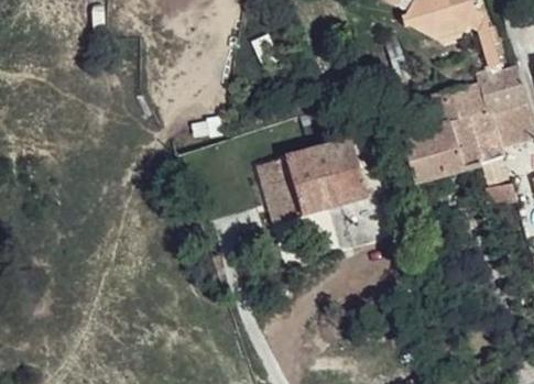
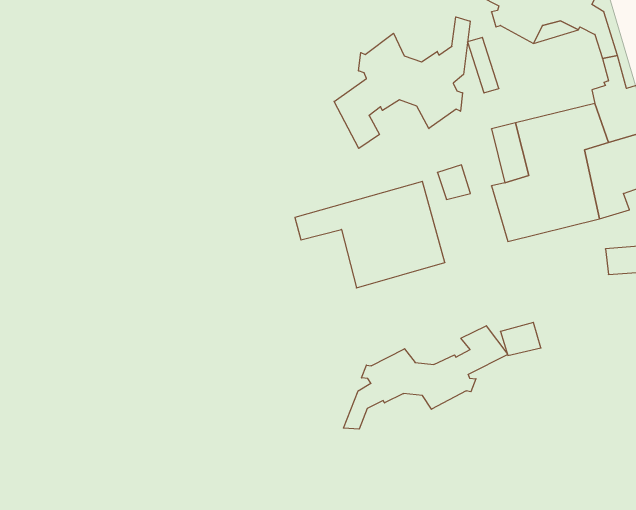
building: none -> [334,17,470,148]
building: [262,174,303,224] -> none
building: none -> [343,326,508,429]

